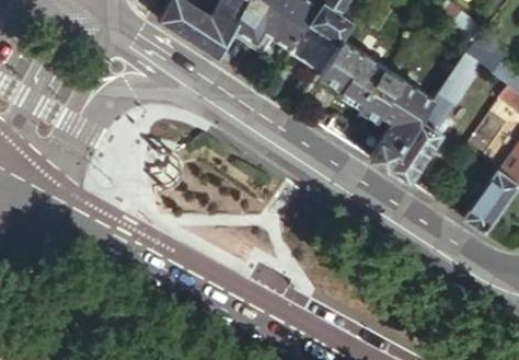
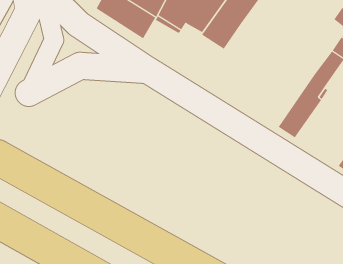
building: [321,37,435,166] -> none

